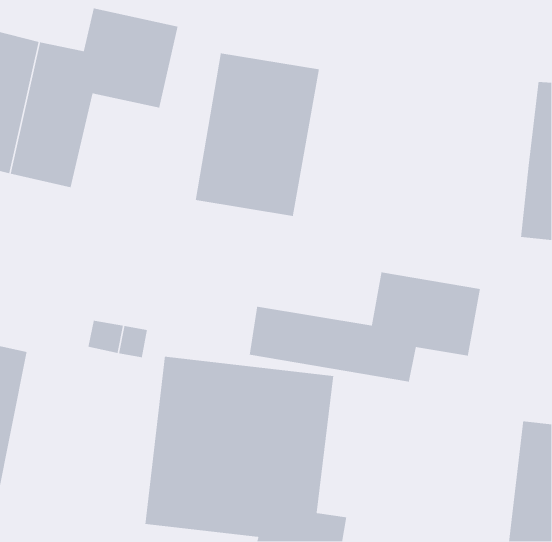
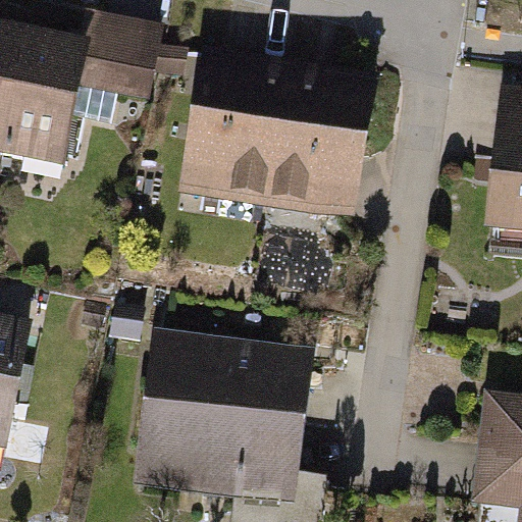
building: none -> [273,64,386,217]
building: [249,272,481,383] -> none

